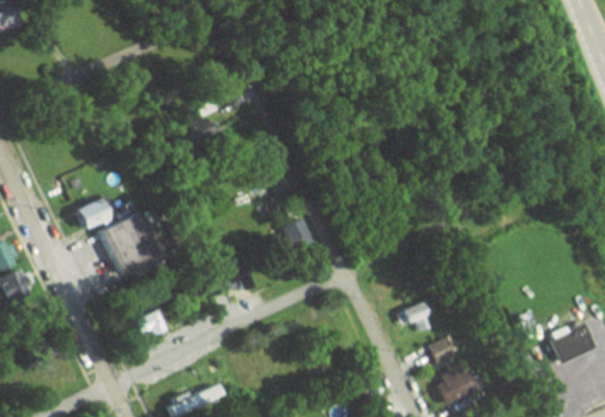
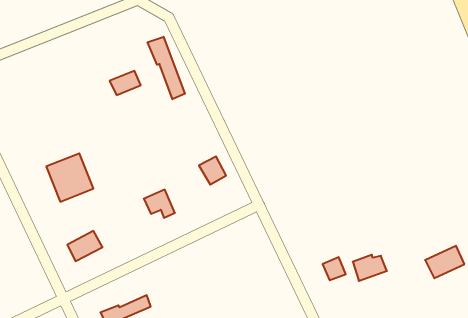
building: none -> [148,37,185,99]
building: [72,195,116,230] -> none
building: [400,302,435,333] -> none
building: [436,373,477,404] -> [353,255,387,281]

